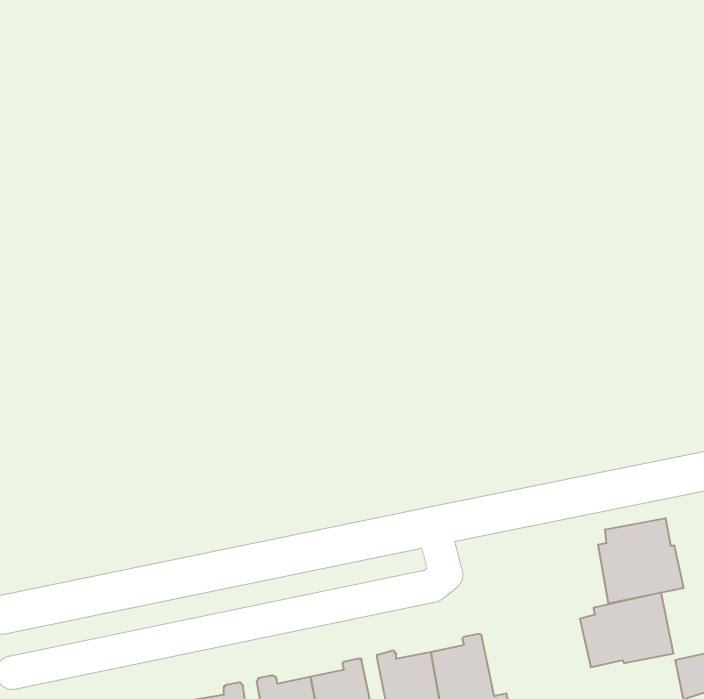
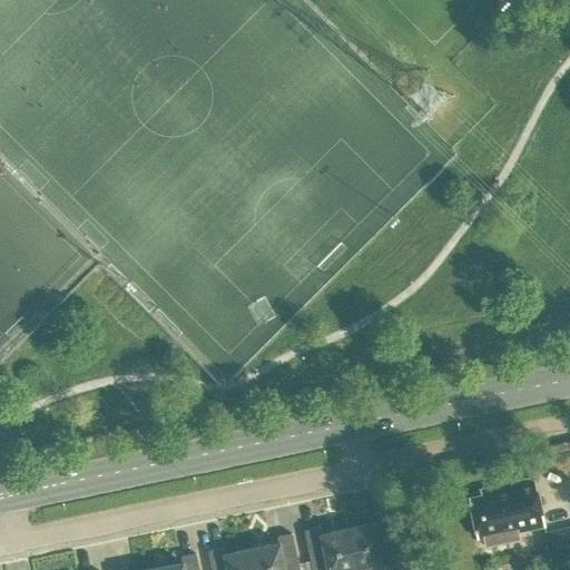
building: [598,518,684,603] -> none

